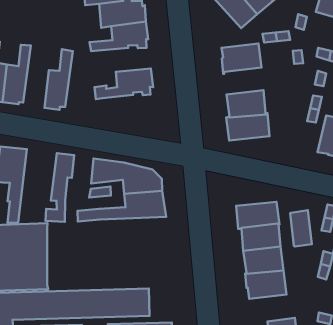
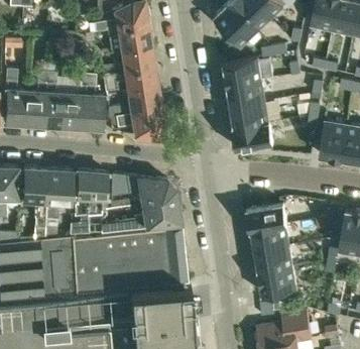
building: none -> [103,67,159,93]
building: none -> [42,73,65,130]
building: none -> [82,76,104,132]
building: none -> [228,81,265,108]
building: none -> [116,110,166,139]
building: none -> [44,169,72,238]
building: none -> [87,172,108,215]
building: [290,210,312,247] -> none
building: none -> [72,228,188,295]

